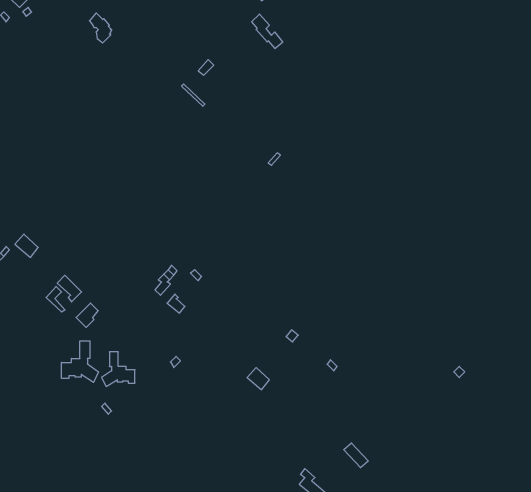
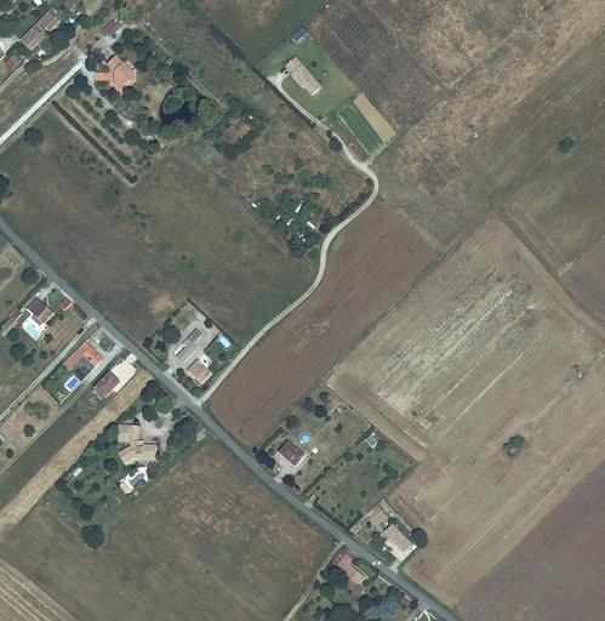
building: [62,341,98,382] -> none

